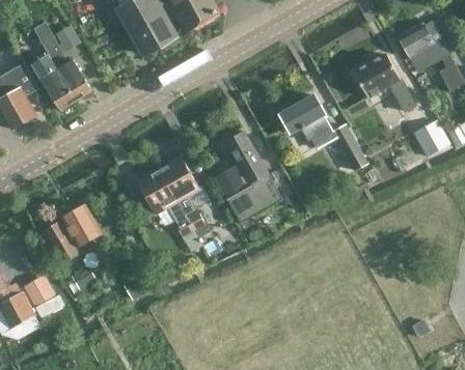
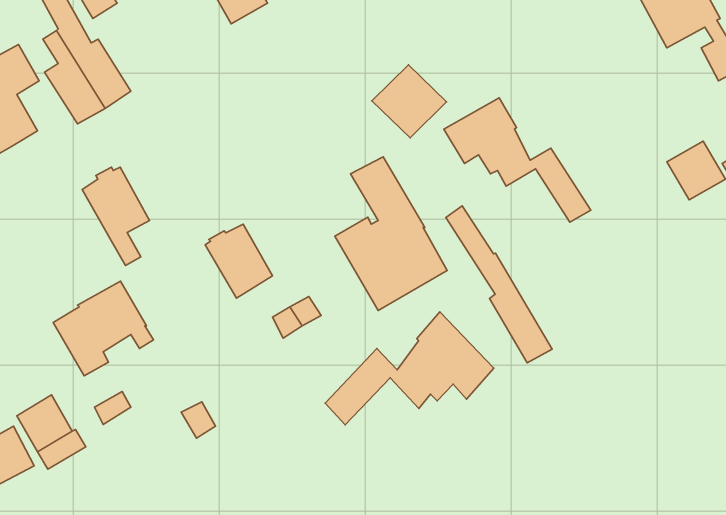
building: [354,54,417,113] -> none
building: none -> [372,65,447,138]
building: [160,158,200,217] -> [82,167,150,265]
building: none -> [446,206,552,363]
building: none -> [325,312,494,425]

